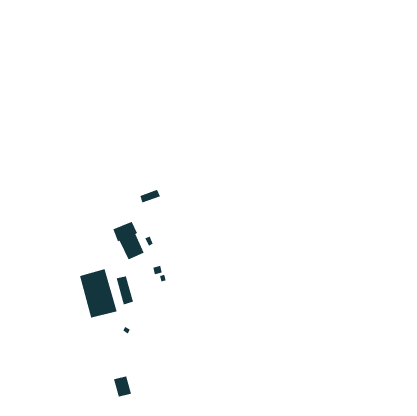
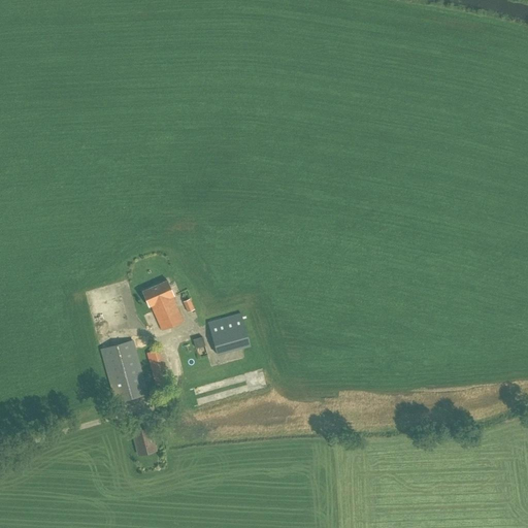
building: none -> [207,311,251,355]
building: [113,376,132,397] -> [132,427,156,454]

